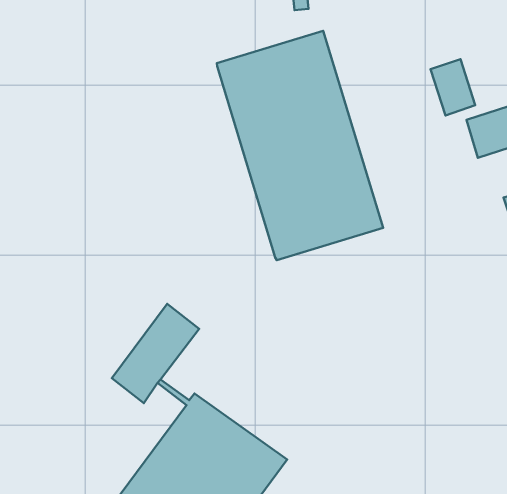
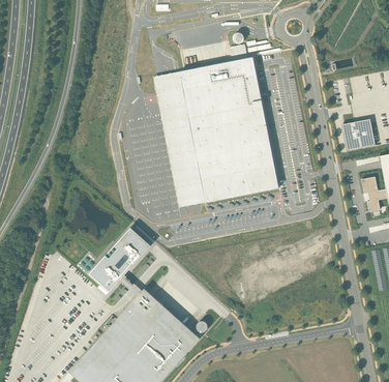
building: [431,59,475,115] -> none
building: none -> [154,74,206,209]

